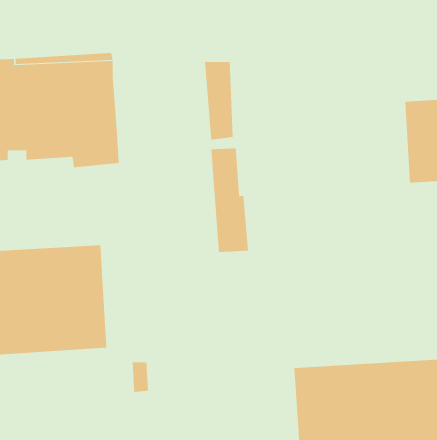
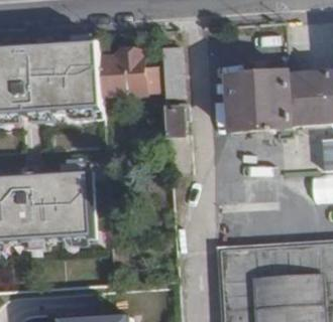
building: none -> [99,53,157,96]
building: none -> [229,74,293,134]

